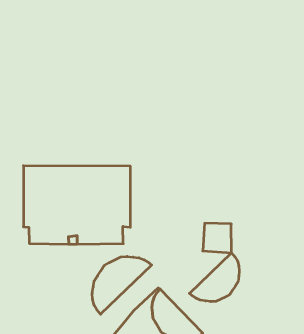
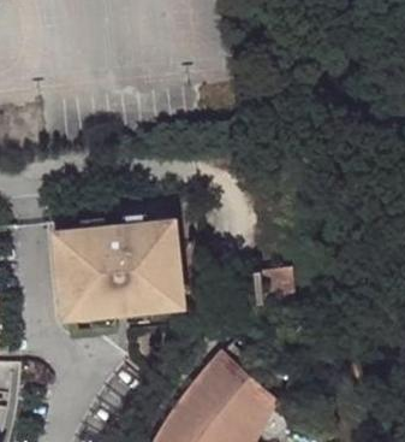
building: [189,253,239,302] -> none
building: [92,256,152,314] -> none

